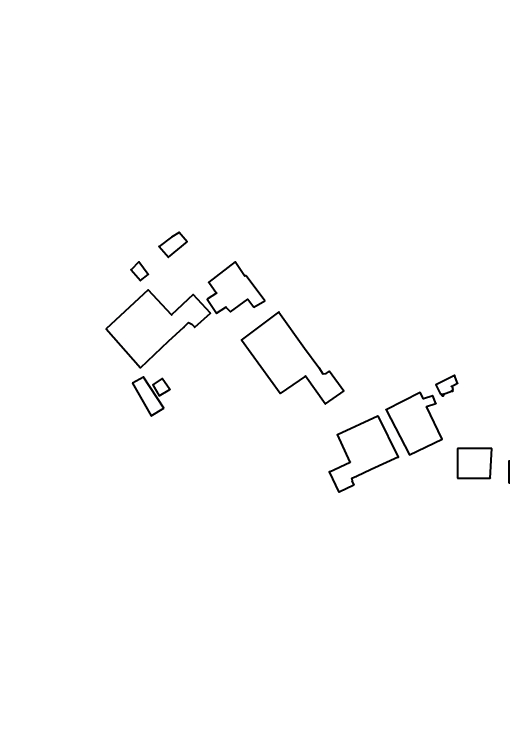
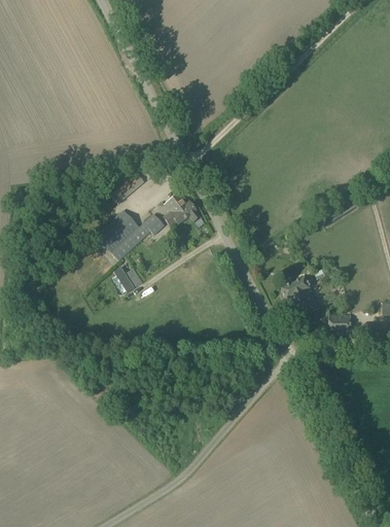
building: [242,312,344,404] -> none
building: [329,416,398,492] -> none

